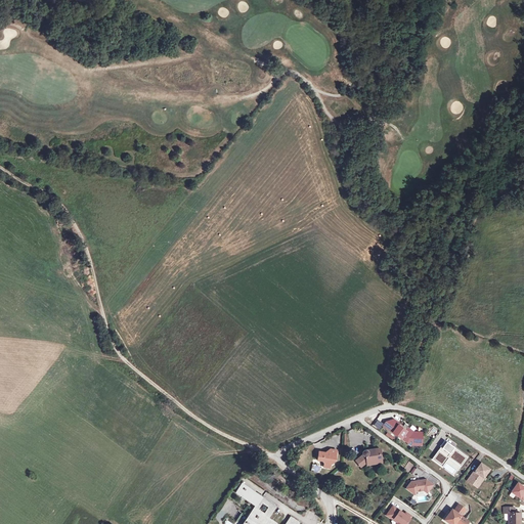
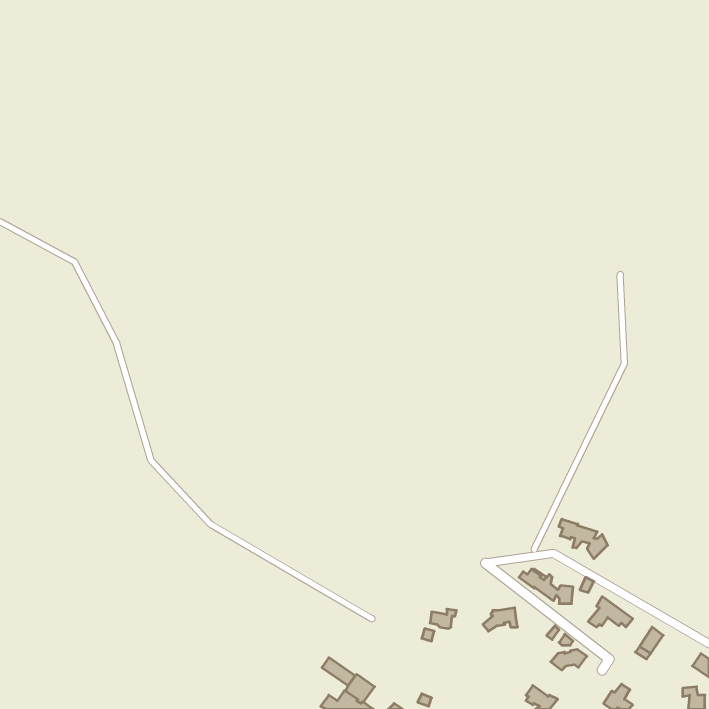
building: none -> [559,519,608,559]

